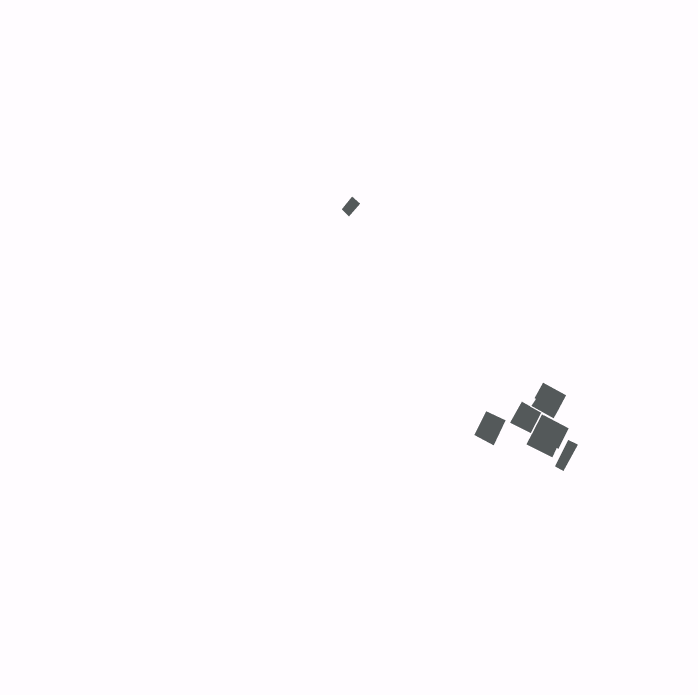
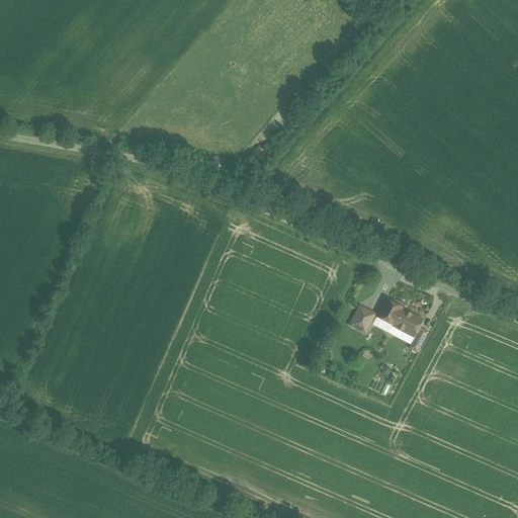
building: [531,382,567,419] -> none

